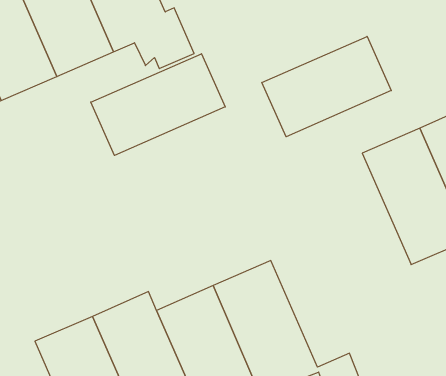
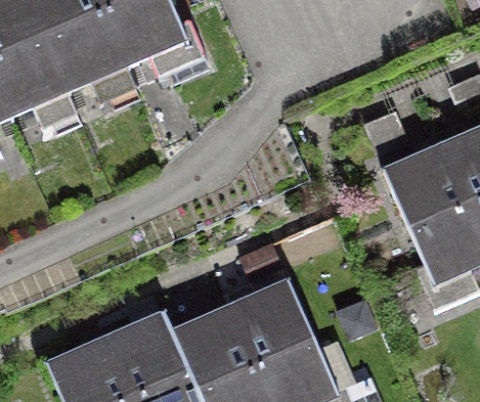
building: [262,36,391,137] -> none
building: [91,54,225,155] -> none

